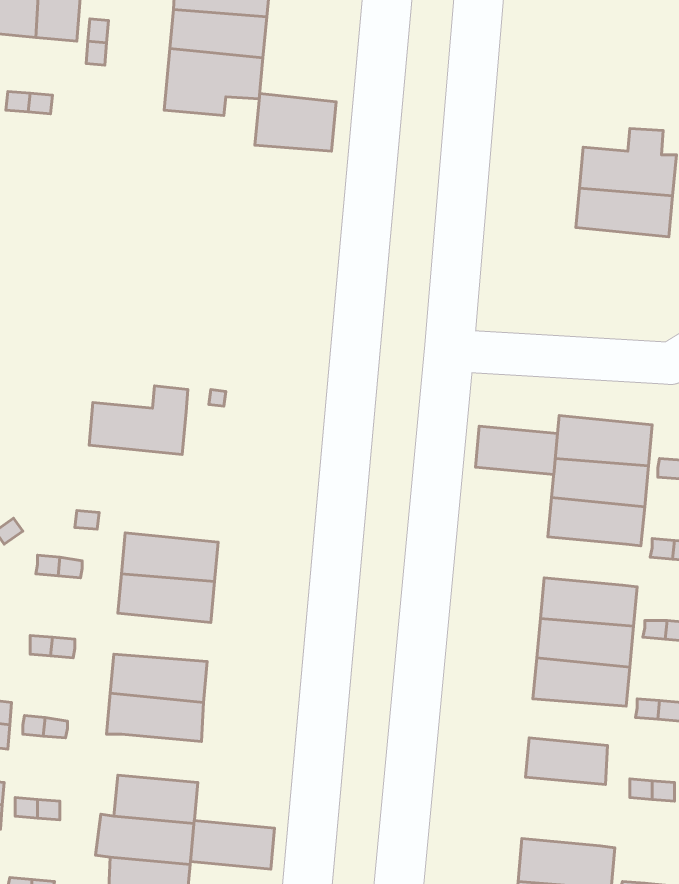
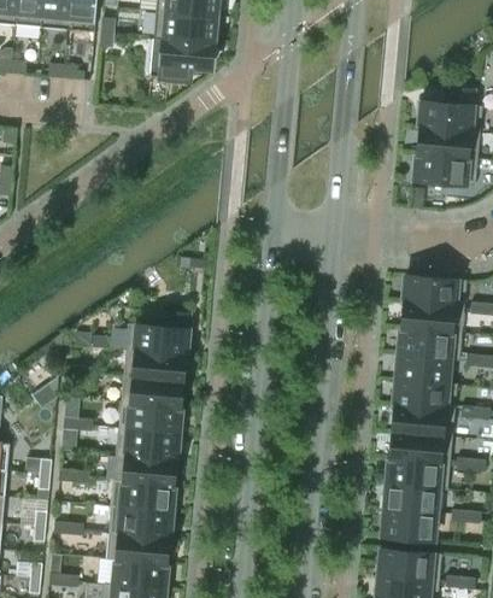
building: [255,94,336,151] -> none
building: none -> [413,152,476,186]
building: [89,386,188,455] -> [124,311,188,356]
building: [476,426,557,475] -> [395,352,448,383]
building: none -> [117,401,180,433]
building: none -> [386,457,448,488]
building: none -> [381,508,435,540]
building: [191,821,274,869] -> [119,480,174,511]

